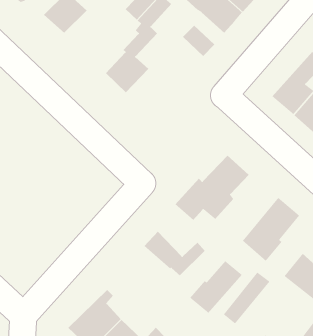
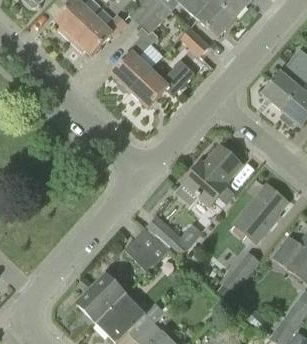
building: none -> [73,15,125,54]
building: none -> [129,67,182,107]
building: none -> [125,229,169,272]
building: [189,260,243,314] -> none

